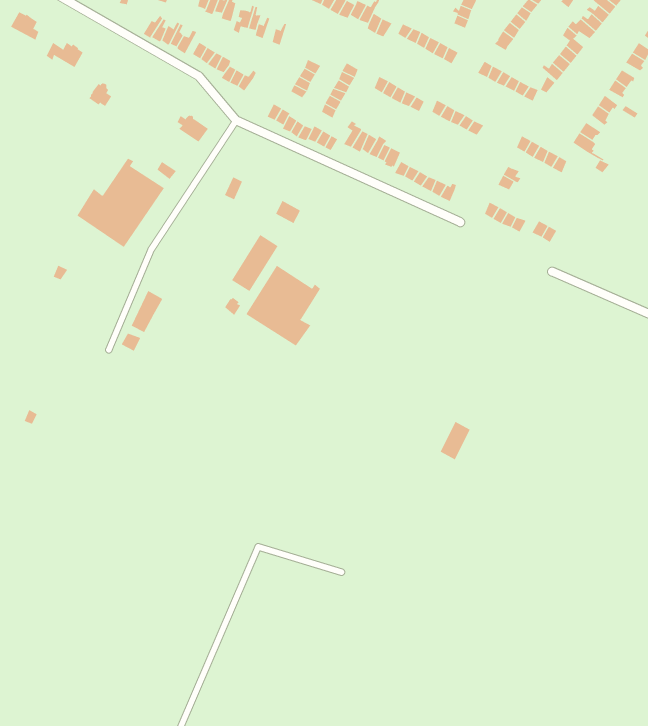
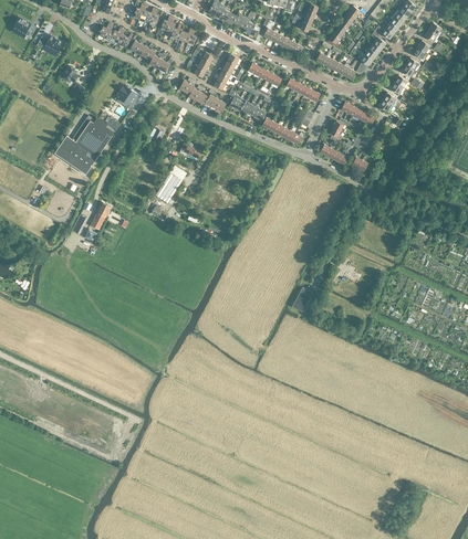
building: [246,265,321,347] -> none

